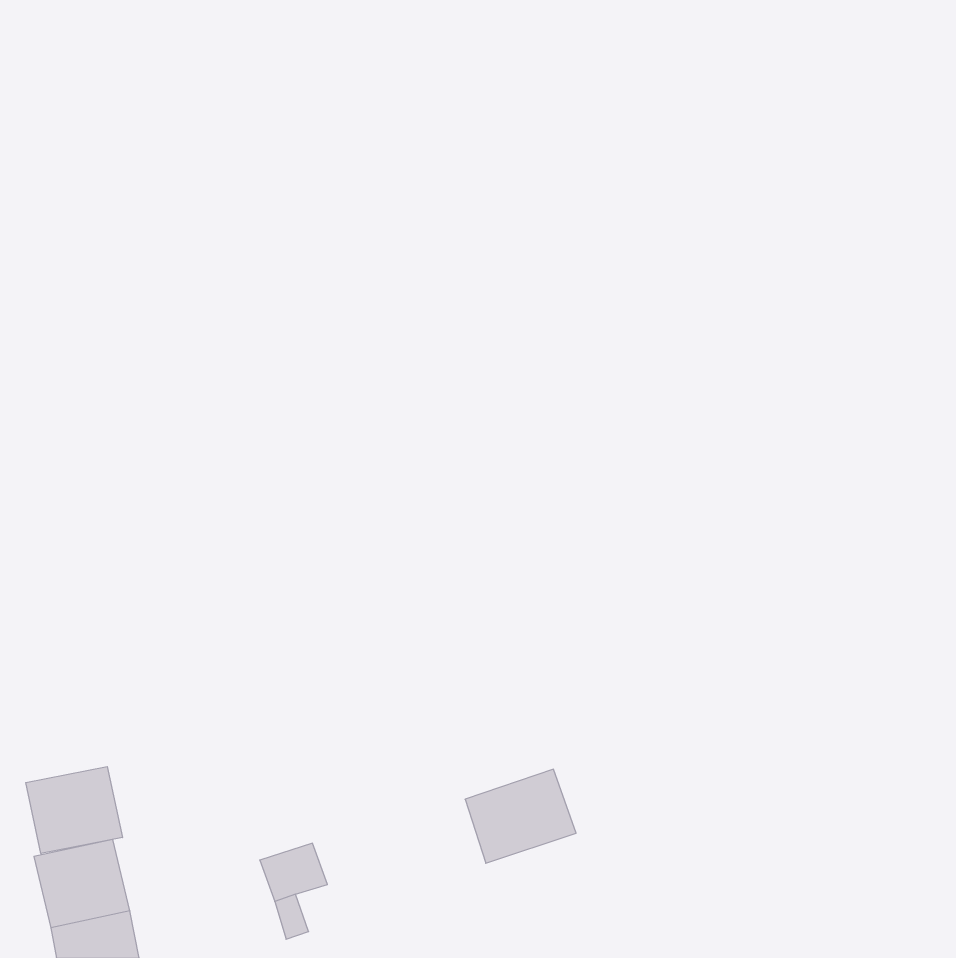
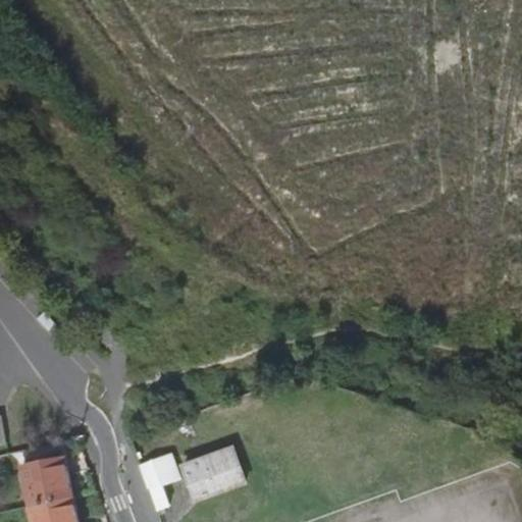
building: [26,767,122,854] -> none
building: [465,769,576,863] -> [184,449,244,500]

